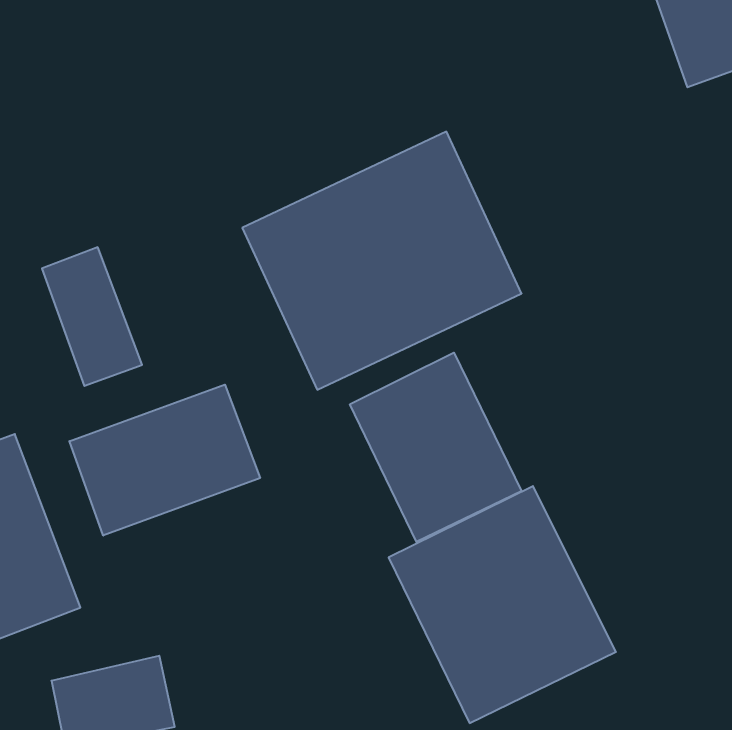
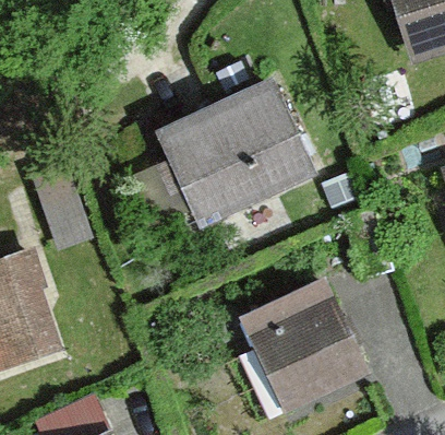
building: [350,353,522,542] -> none
building: [69,385,260,536] -> none

